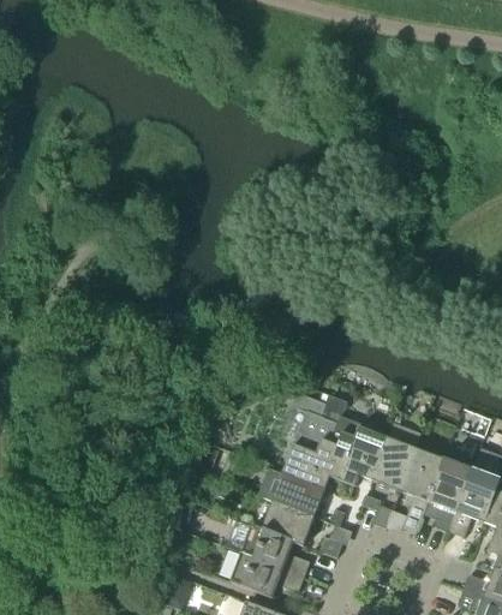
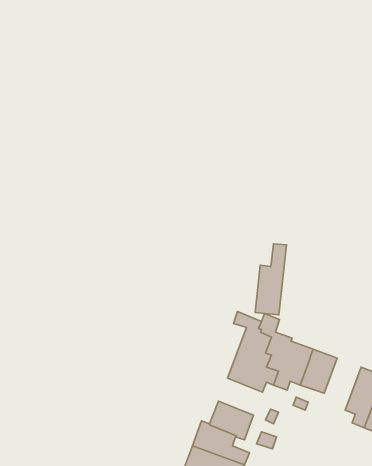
building: none -> [255,244,286,315]
building: [399,447,443,533] -> none
building: [271,471,324,515] -> none

